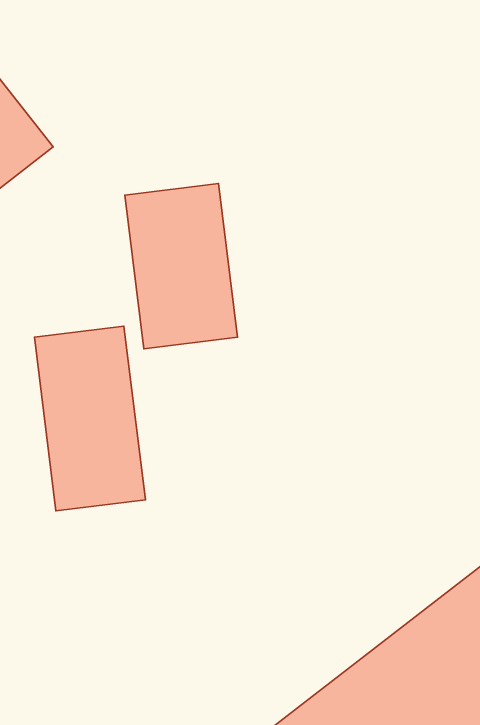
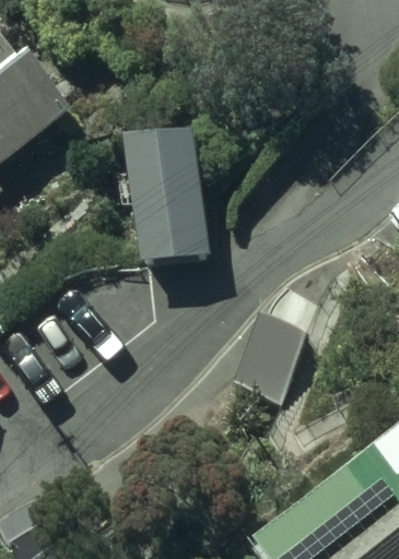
building: [34,326,145,511] -> none

